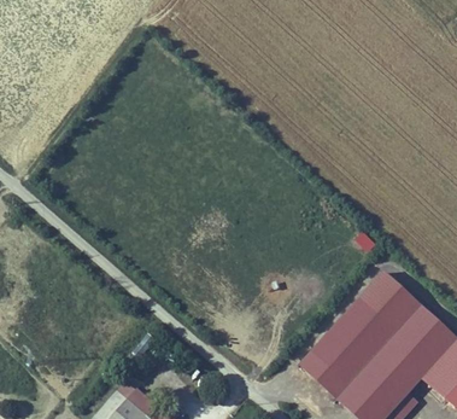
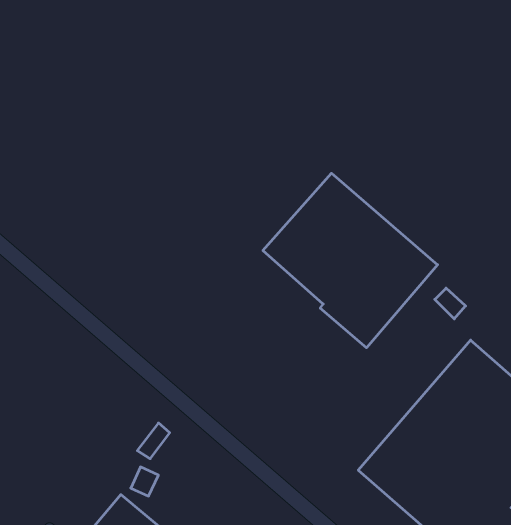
building: none -> [263,173,438,348]

